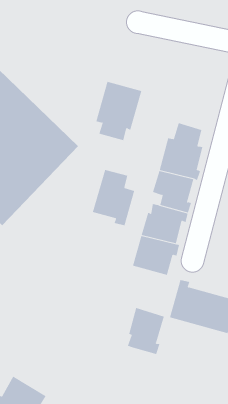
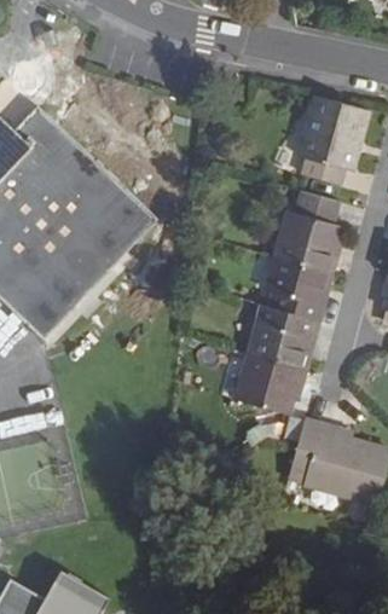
building: [95,81,142,141] -> [297,94,367,184]
building: [92,169,135,226] -> none
building: [127,307,164,355] -> none

